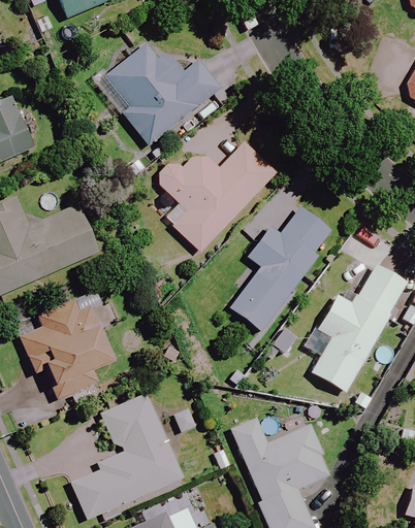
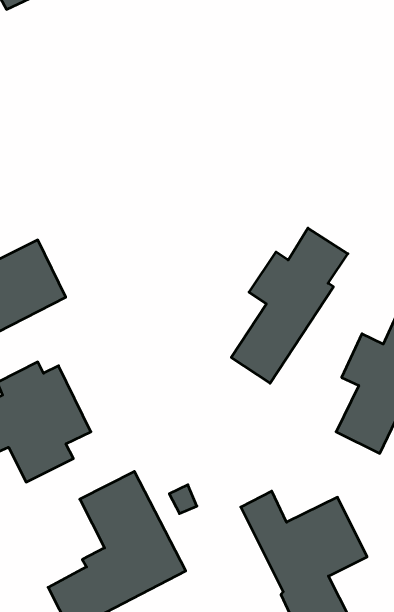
building: [91,42,220,145] -> none
building: [155,142,275,252] -> none

